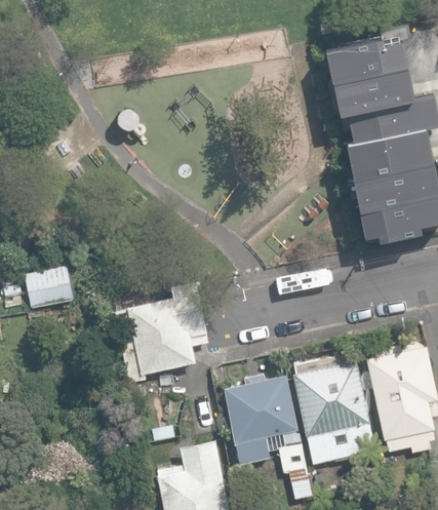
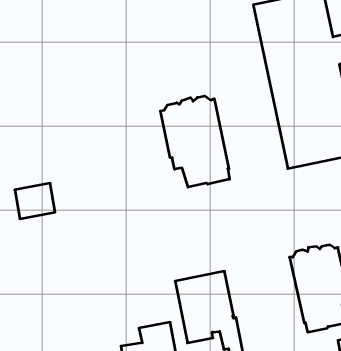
building: none -> [160,96,230,187]
building: [115,291,209,383] -> none
building: [293,361,372,464] -> none

